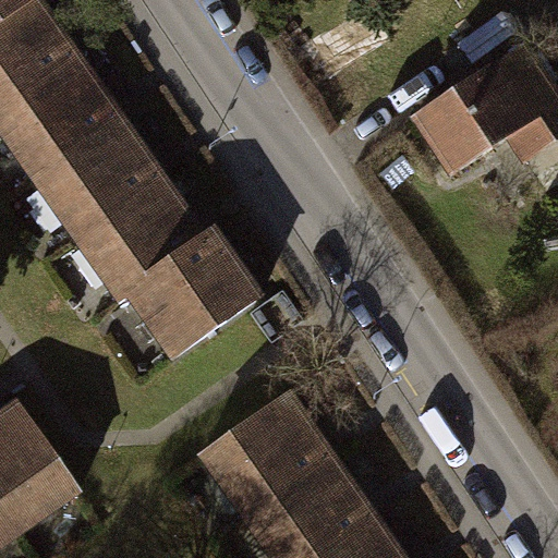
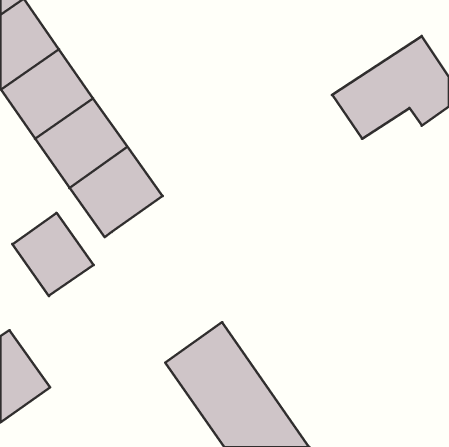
building: [138,238,255,351] -> none
building: none -> [12,213,94,296]

